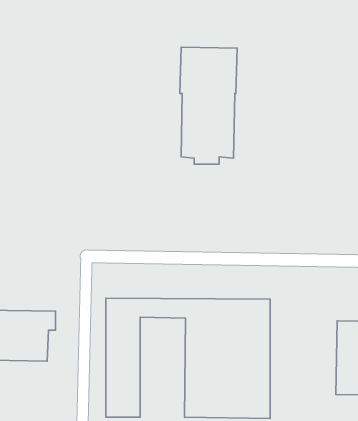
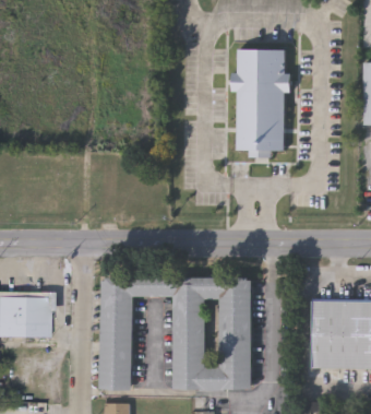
building: [180,47,237,164] -> [236,49,288,156]

